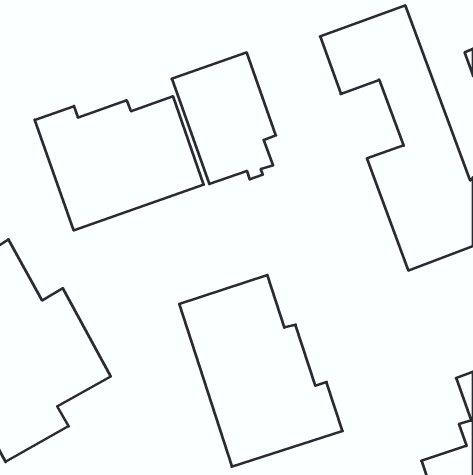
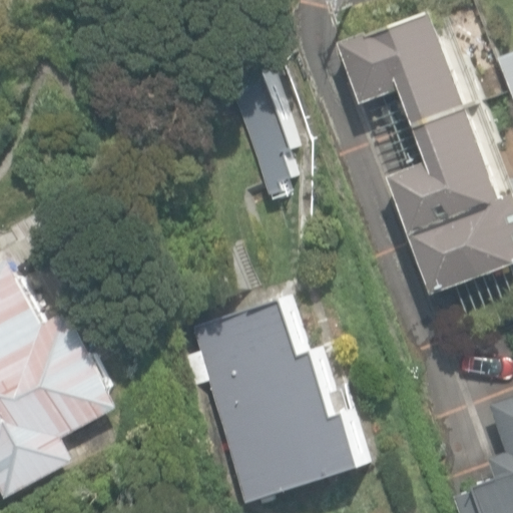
building: [35,96,204,230] -> none

